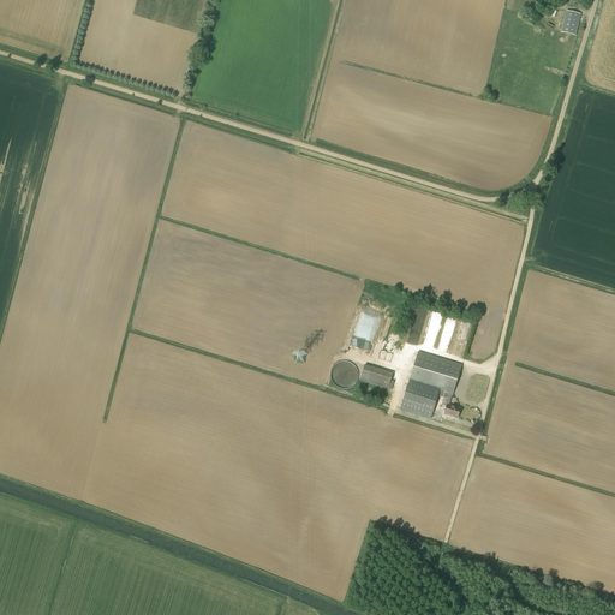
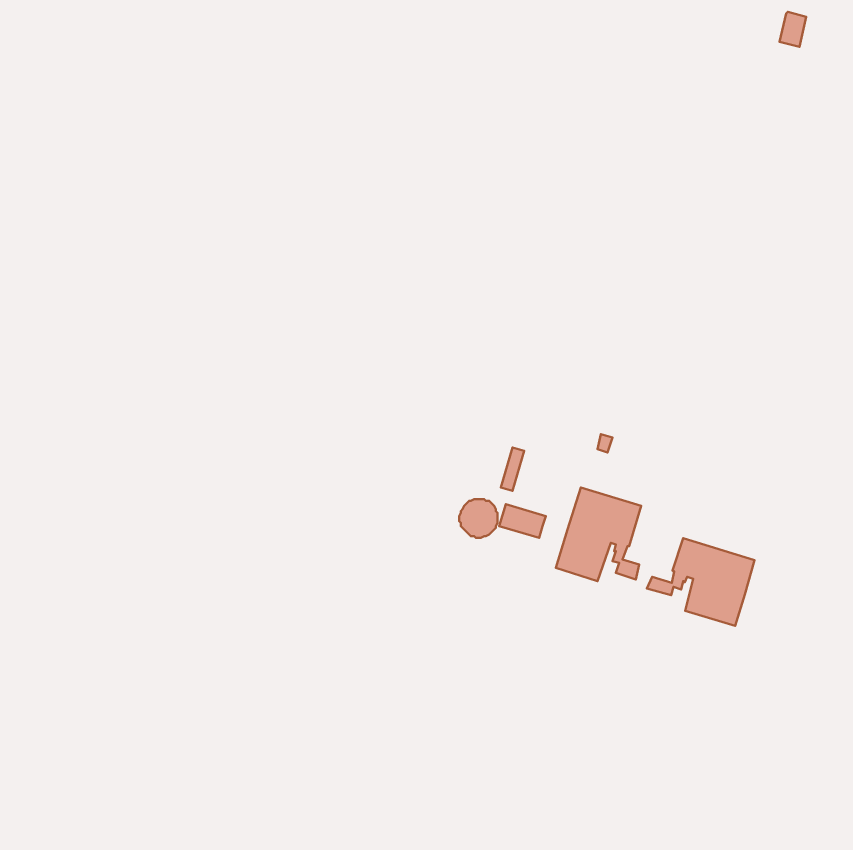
building: none -> [647,538,755,626]

